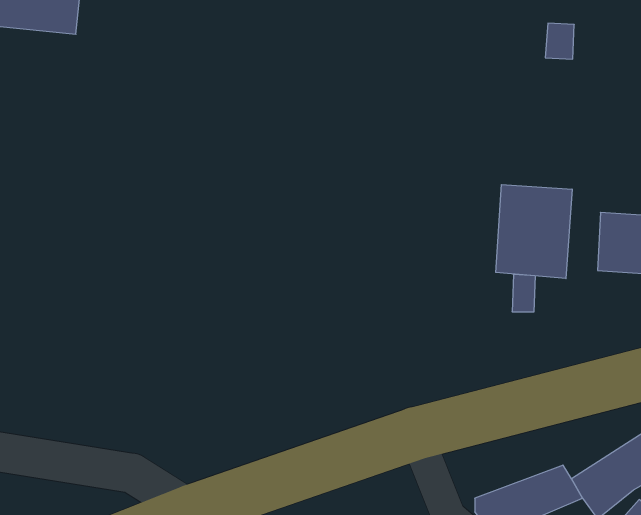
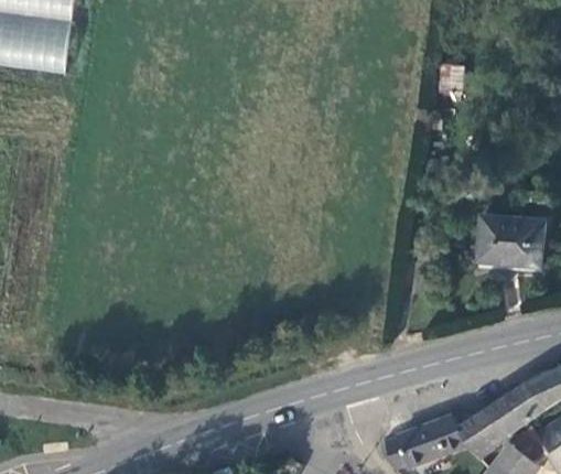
building: [496,185,572,279] -> none

